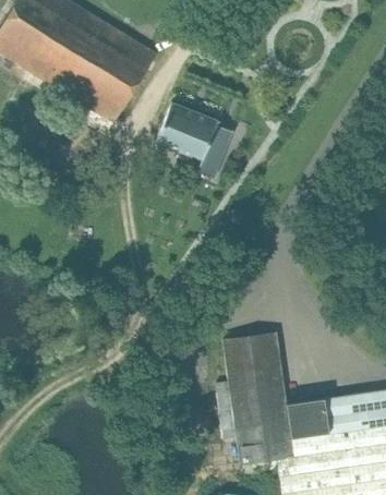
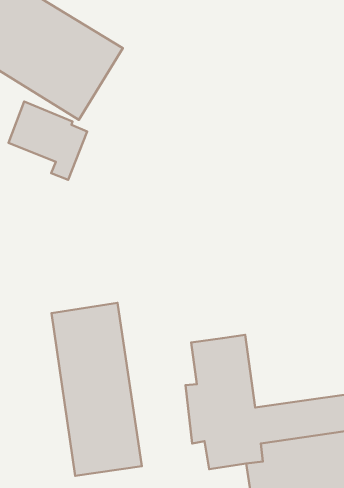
building: [157,102,233,179] -> [9,101,87,180]
building: none -> [51,303,142,476]

